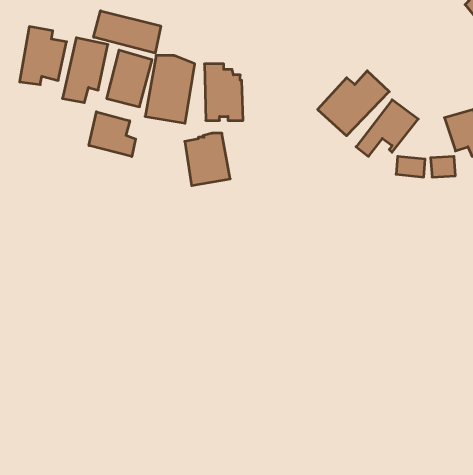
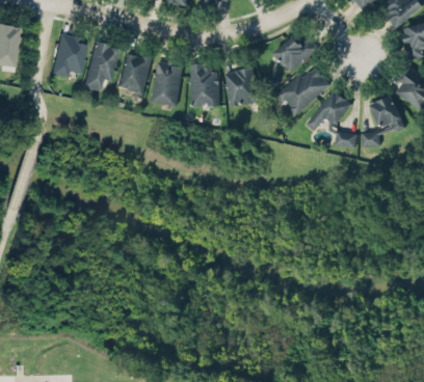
building: [94,11,161,53] -> none
building: none -> [271,36,319,75]
building: [89,112,136,157] -> none
building: [185,133,230,186] -> [224,67,259,107]

